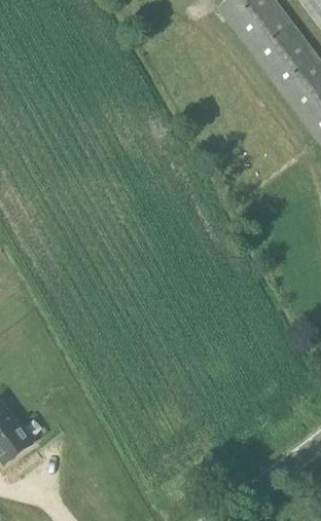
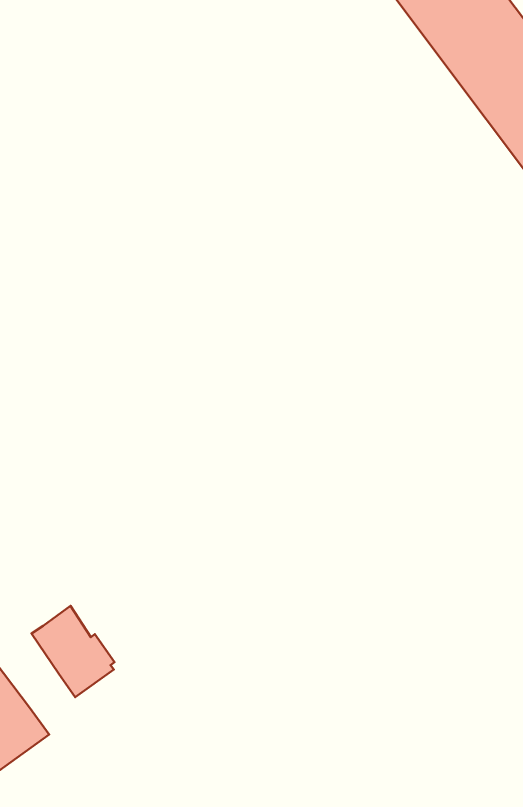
building: none -> [32,606,115,697]

